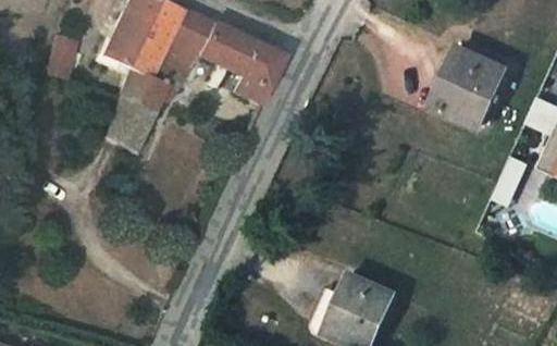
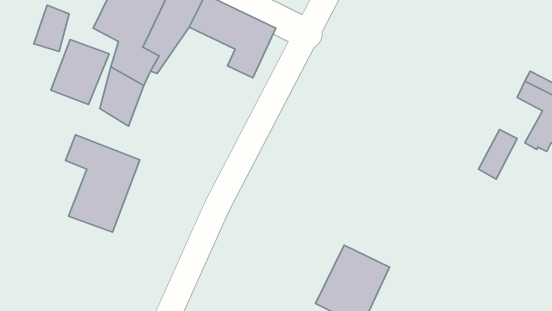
building: [433,47,509,131] -> none
building: none -> [51,40,109,105]
building: none -> [65,135,140,232]

